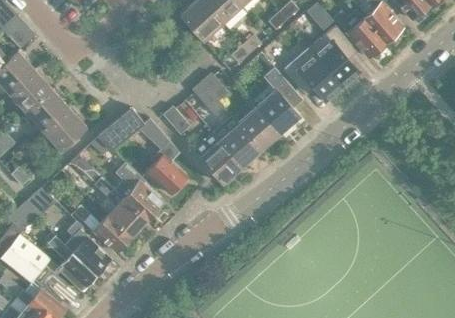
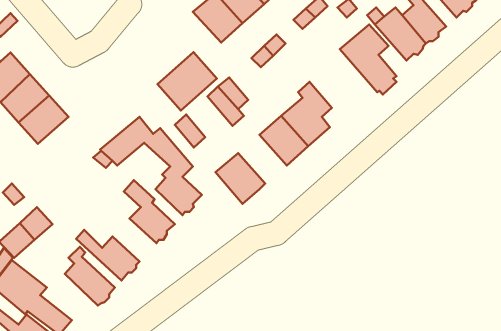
building: [282,48,342,102] -> none
building: none -> [157,52,217,110]
building: [41,108,86,151] -> none
building: [218,124,261,167] -> none
building: [73,158,146,236] -> none
building: [50,240,94,291] -> none

